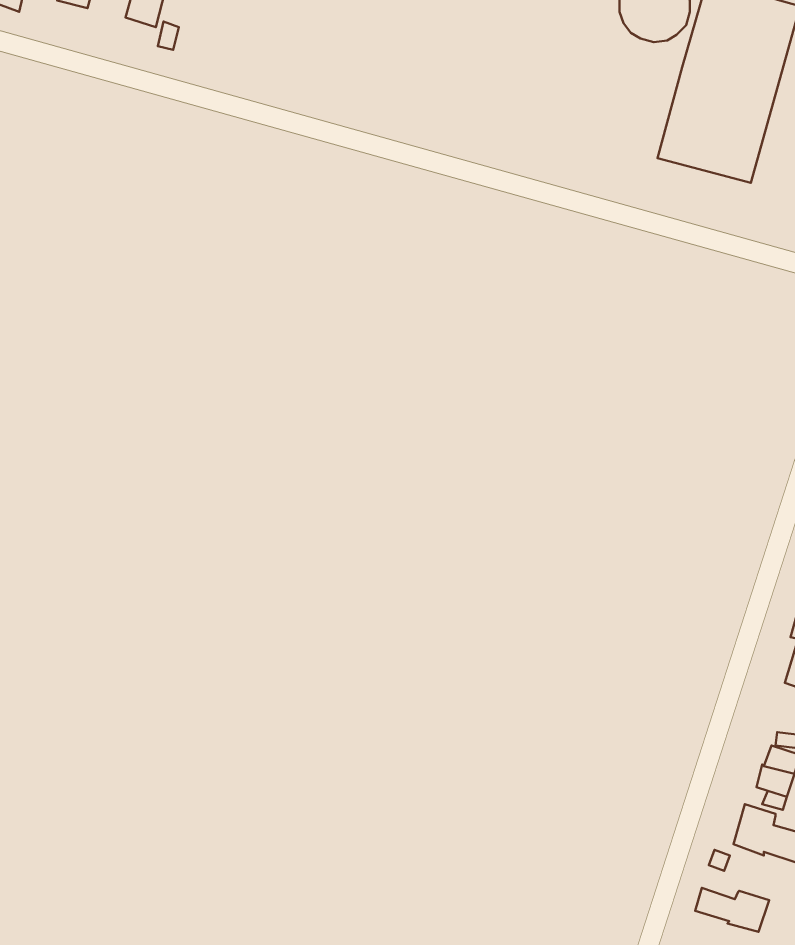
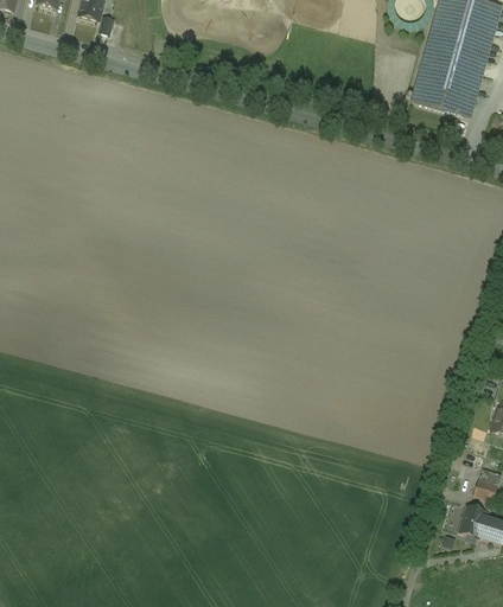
building: [695,888,769,932] -> none

